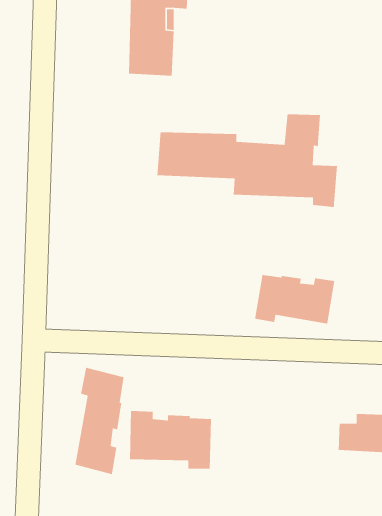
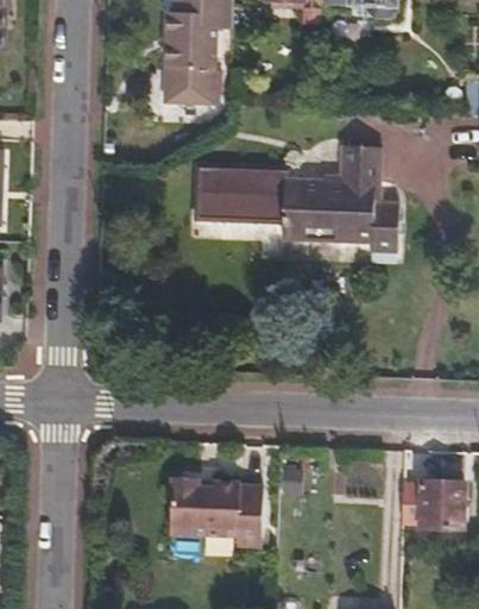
building: [254,274,335,324] -> none
building: [74,367,124,475] -> none

